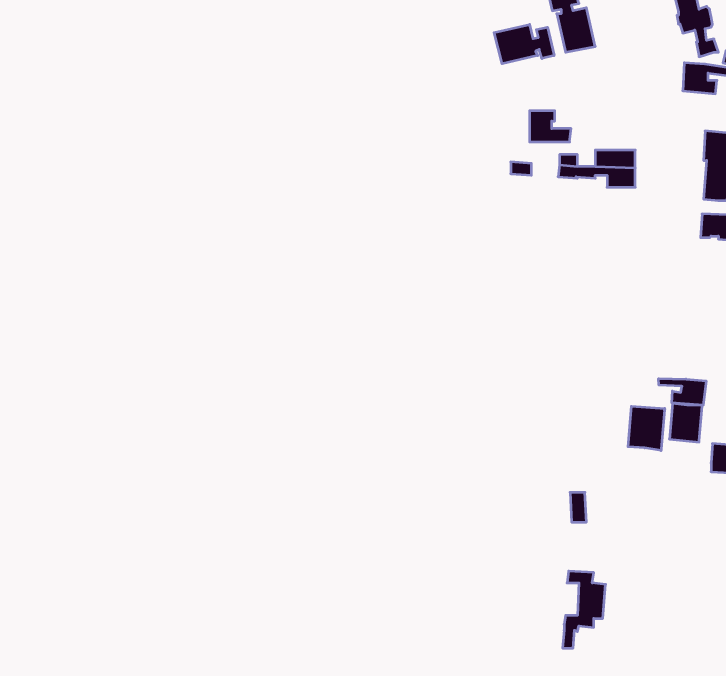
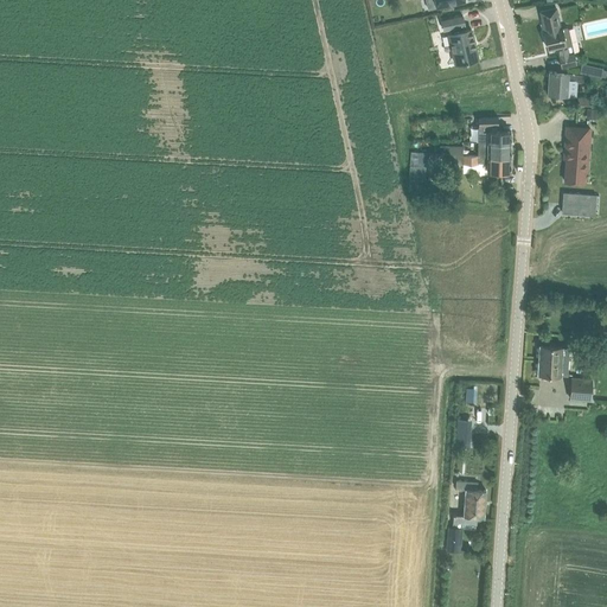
building: [494,24,554,64] -> none
building: [530,111,571,142] -> [478,119,511,143]
building: [659,379,706,405] -> none
building: [628,406,665,451] -> none

